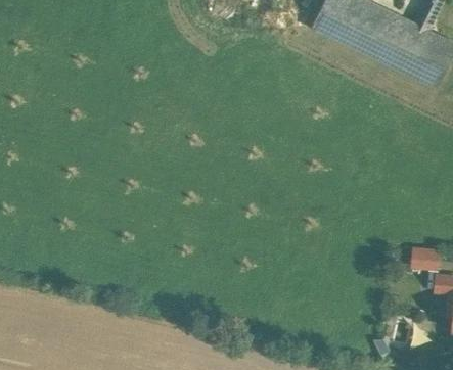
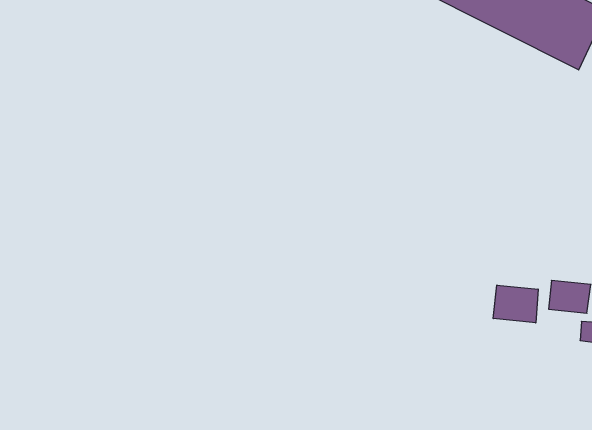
building: none -> [493,285,538,323]

